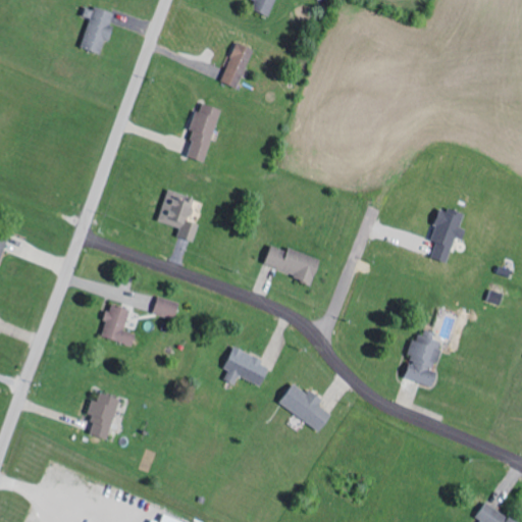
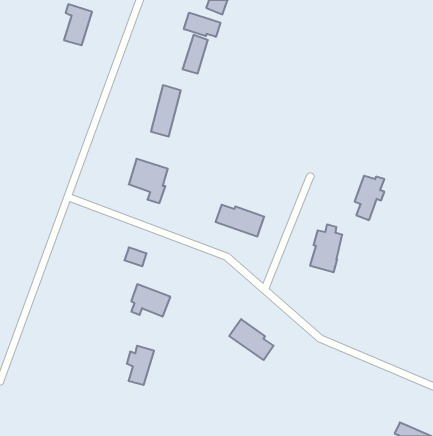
building: none -> [184,13,220,37]
building: [99,304,135,346] -> none
building: [402,329,440,386] -> [310,224,342,272]
building: [223,348,270,386] -> [131,284,170,317]
building: [86,393,118,439] -> [127,346,154,385]

